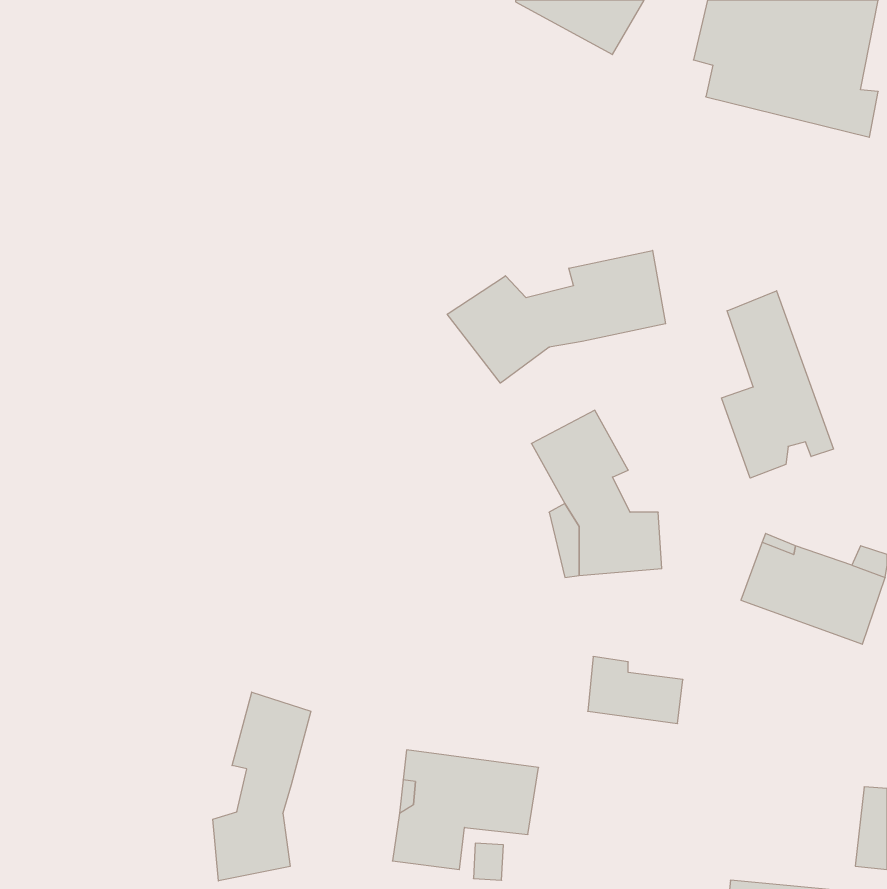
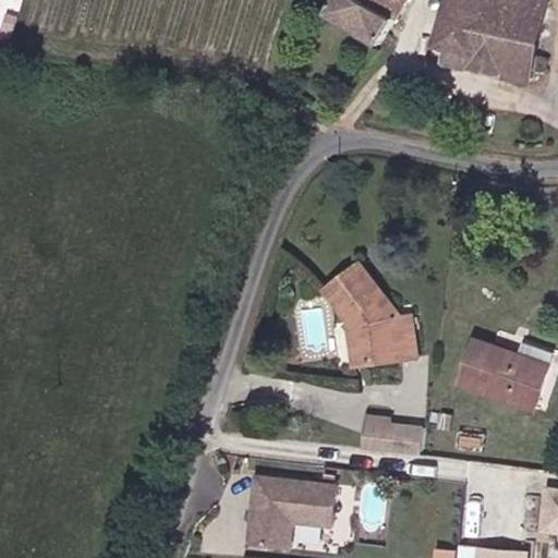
building: [447,250,666,383] -> none
building: [722,291,834,478] -> none
building: [213,692,311,881] -> none

